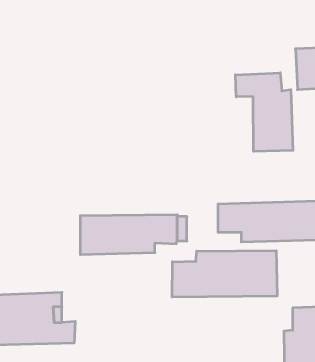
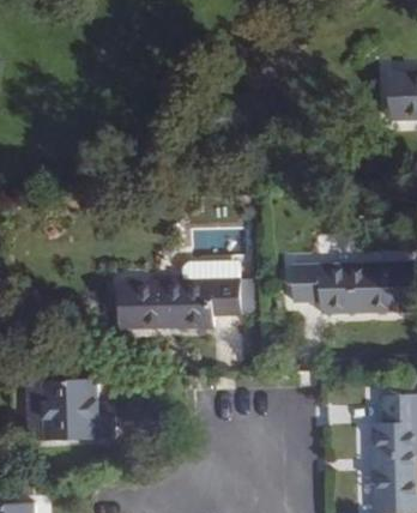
building: [235,73,293,151] -> none
building: [172,251,277,297] -> none

